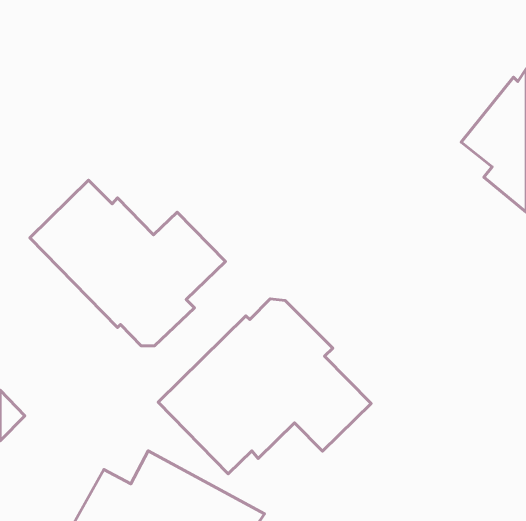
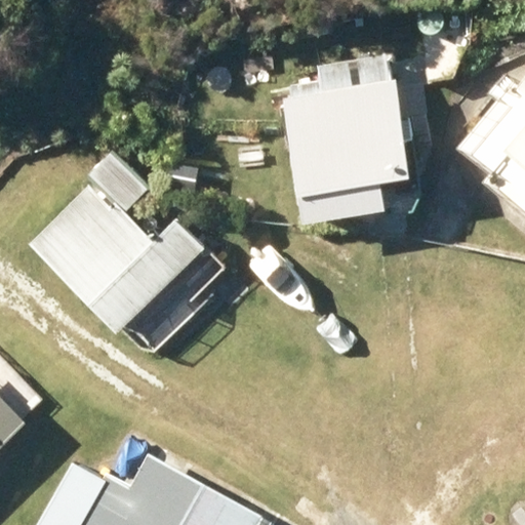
building: none -> [285,80,413,219]
building: [158,299,371,474] -> none

